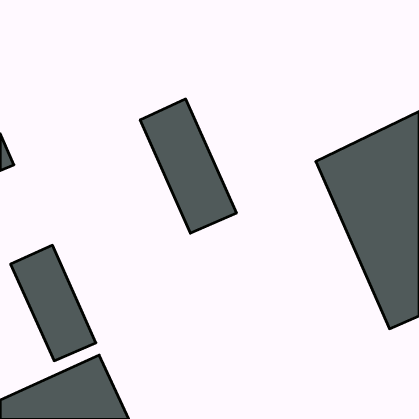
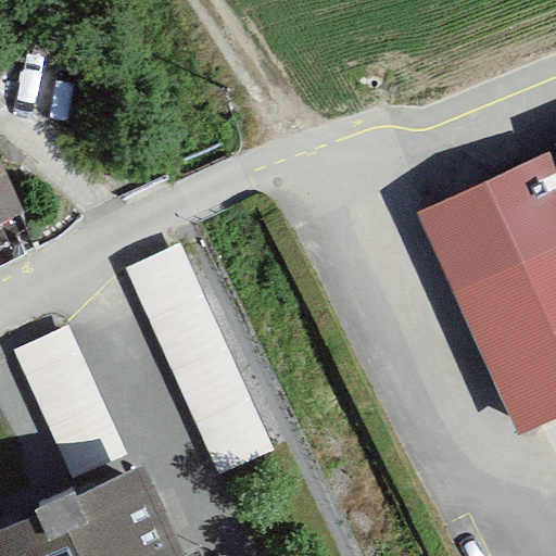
building: [140,99,236,233] -> none
building: none -> [127,242,275,475]

